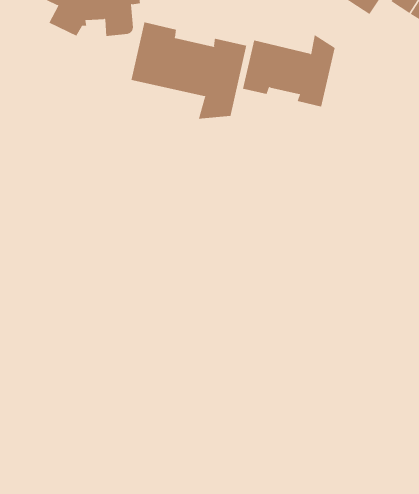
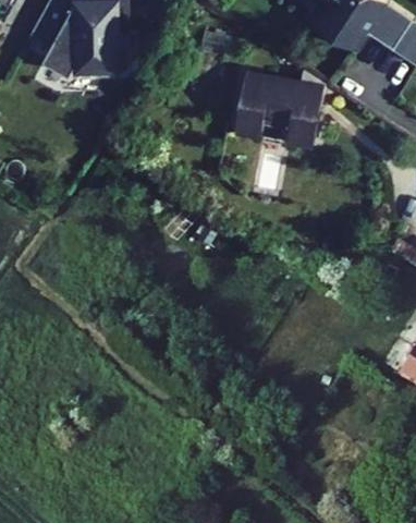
building: [131,22,247,119] -> none

